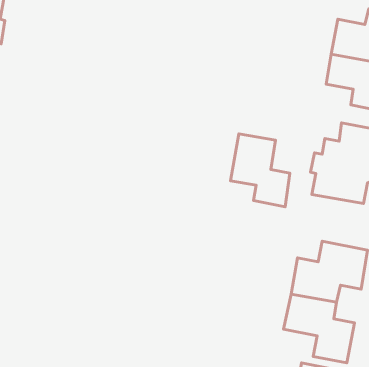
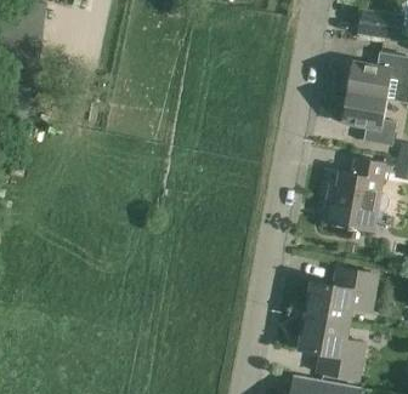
building: [230,134,290,207] -> none

